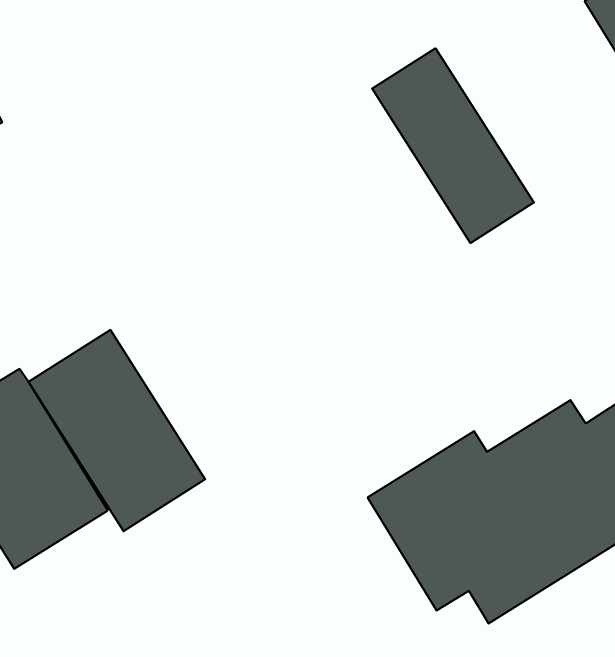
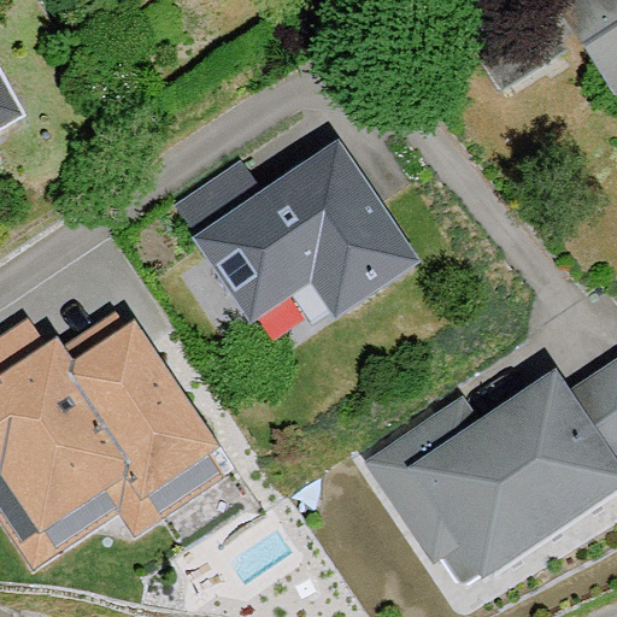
building: [372,48,534,243] -> none
building: none -> [181,142,417,319]

